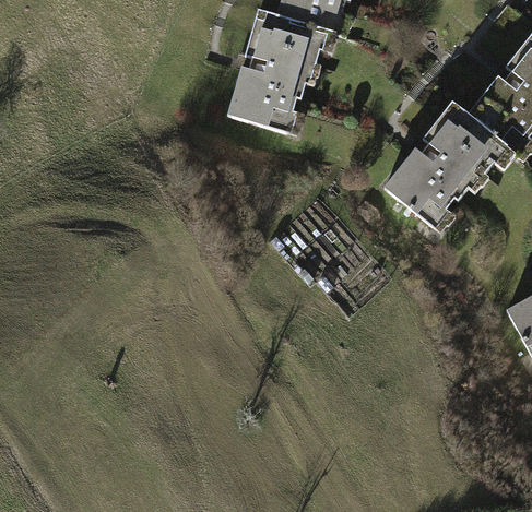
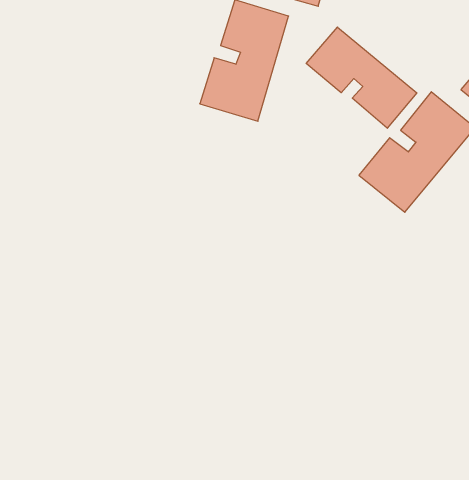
building: none -> [306,27,417,128]

